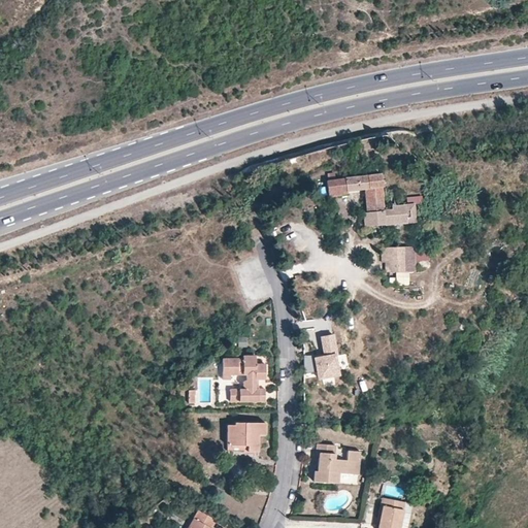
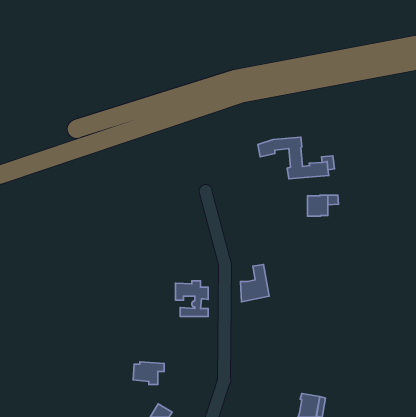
building: [228,420,267,449] -> [133,362,164,385]
building: [315,442,359,483] -> none

